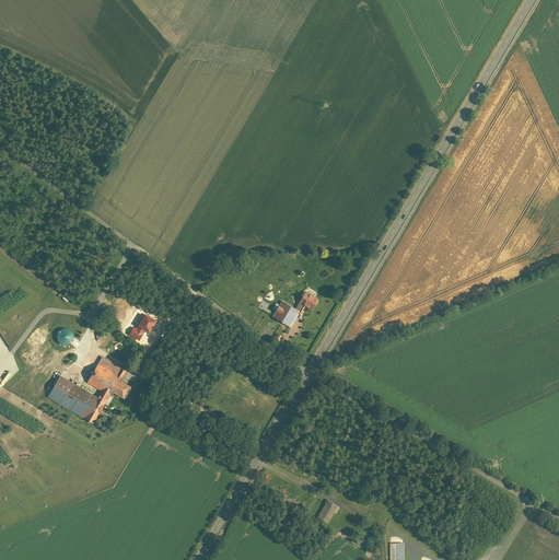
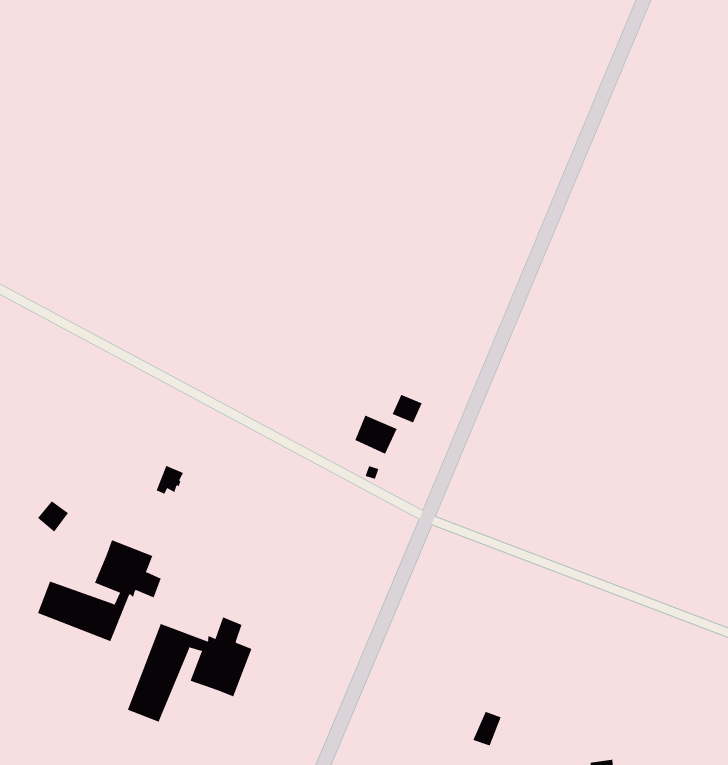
building: none -> [127,617,252,723]

